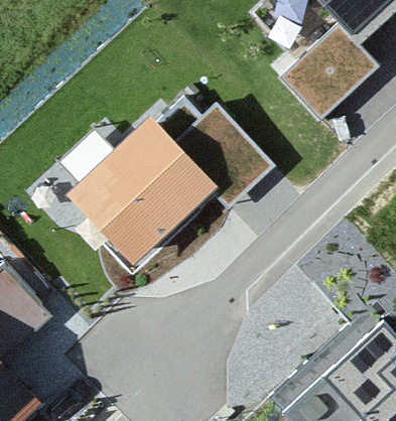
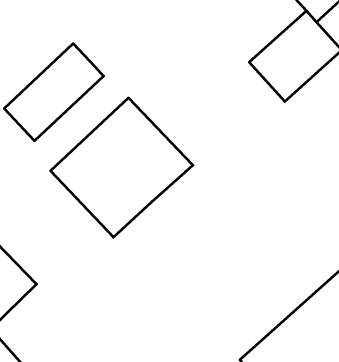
building: none -> [4,44,104,141]
building: [172,100,280,216] -> none

